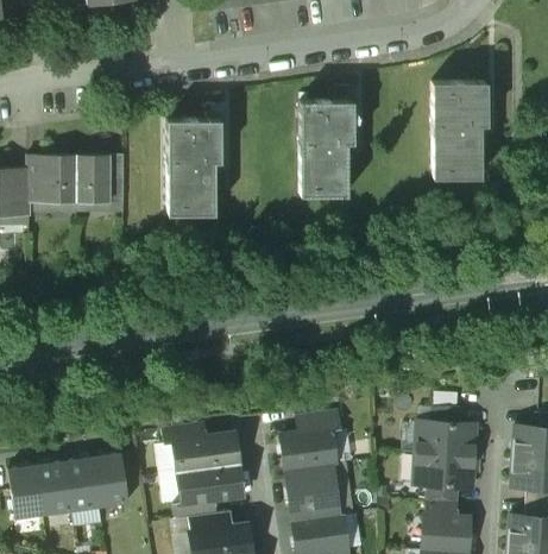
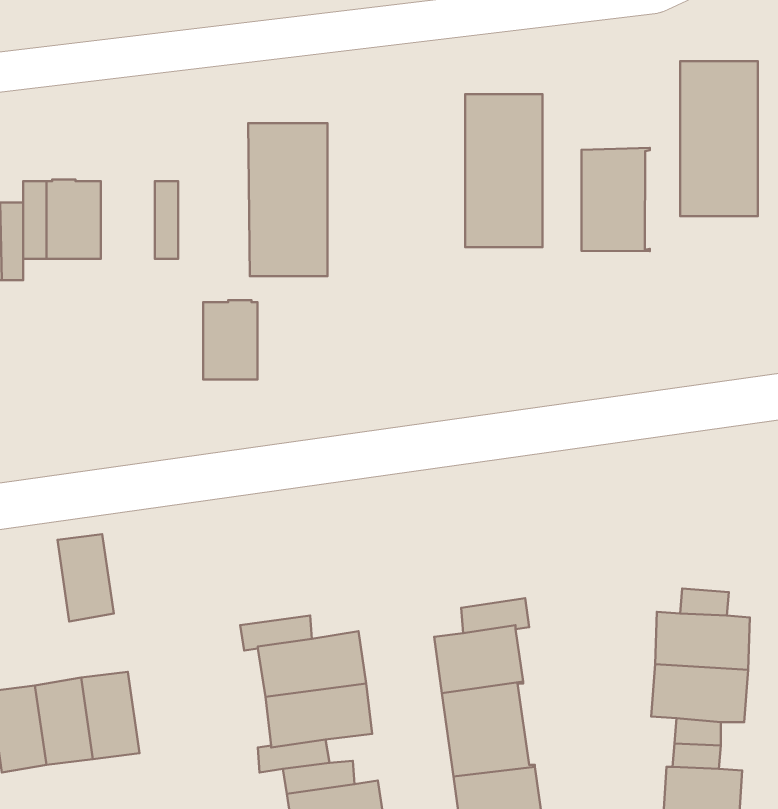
building: none -> [581,148,650,251]
building: [77,155,111,203] -> [203,300,257,380]
building: [94,453,128,506] -> [58,534,114,621]

